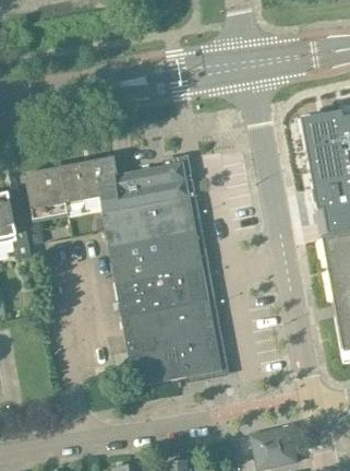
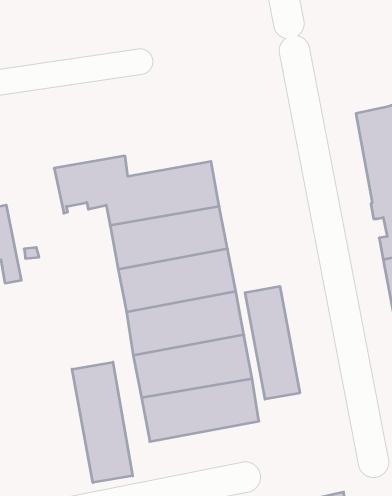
building: [25,166,67,209] -> none
building: none -> [245,286,300,399]
building: none -> [72,362,133,483]

